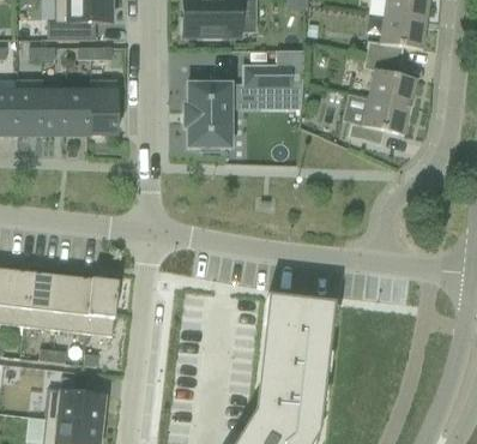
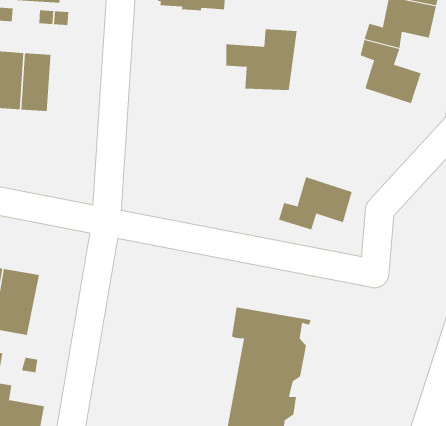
building: [91,78,116,134] -> none
building: [185,82,231,150] -> none
building: [346,96,410,143] -> [278,177,352,230]
building: [86,278,119,335] -> none

